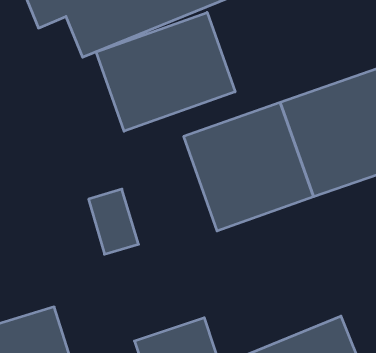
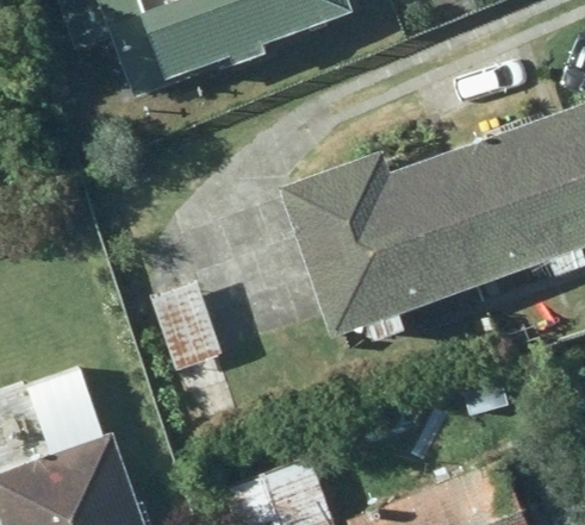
building: [96,12,235,131] -> none

